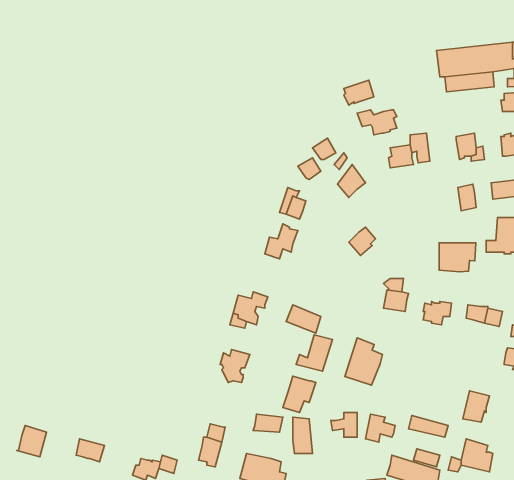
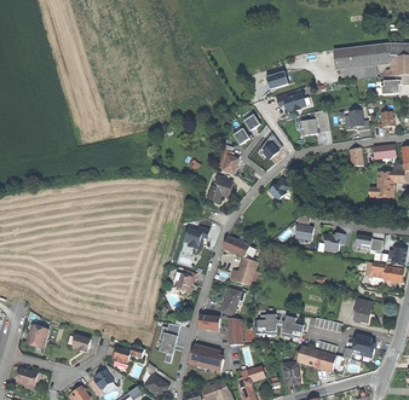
building: [439,243,476,272] -> none
building: [345,338,382,385] -> none

